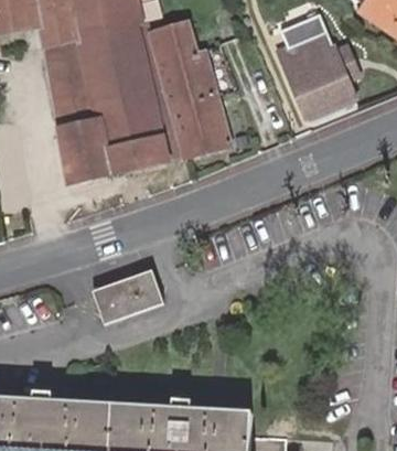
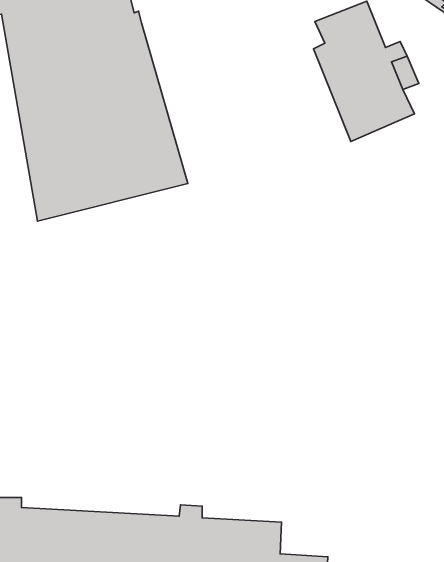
building: [147,18,230,151] -> none
building: [103,275,158,309] -> none

